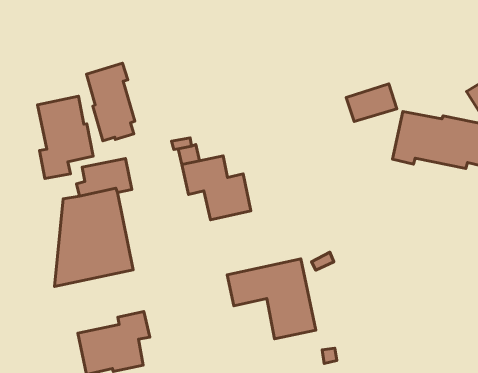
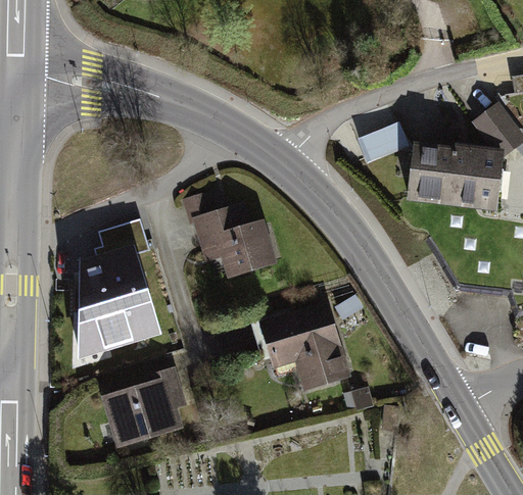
building: [87,63,135,141] -> none
building: [38,96,93,179] -> none

